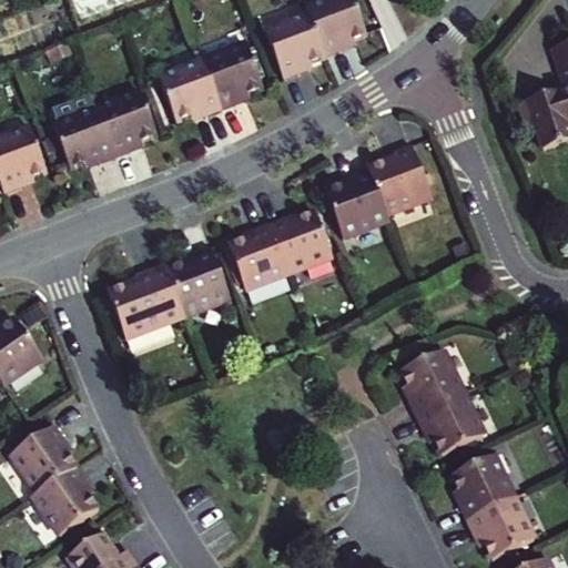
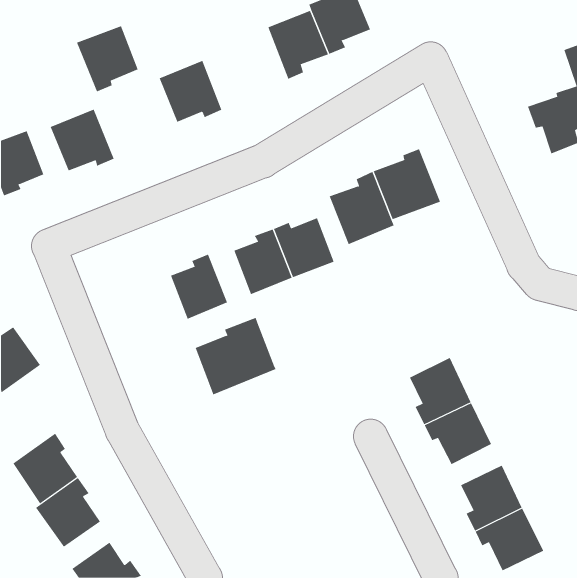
building: [201,42,261,108] -> none
building: [94,90,155,155] -> [76,25,139,92]
building: [106,264,186,341] -> [195,317,276,395]

